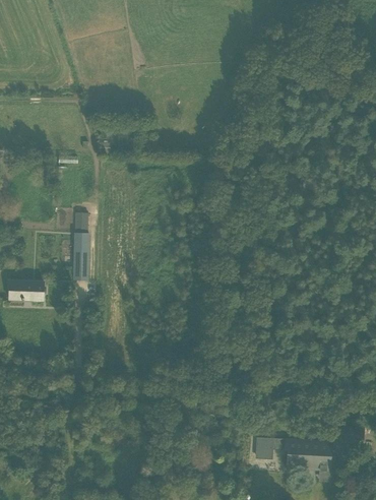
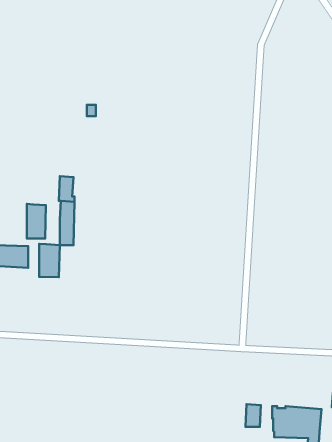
building: none -> [27,204,46,238]
building: none -> [39,244,60,277]

